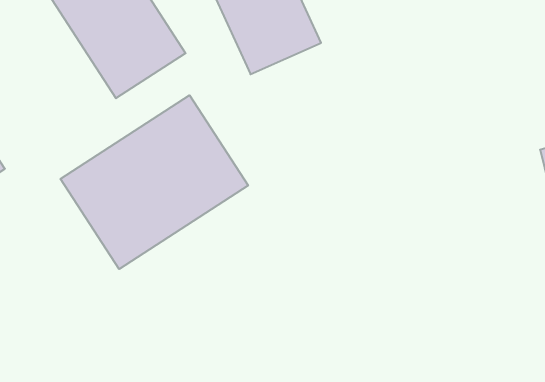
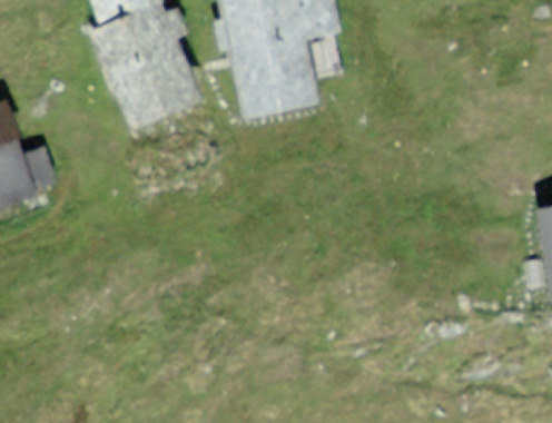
building: [61,95,248,269] -> none

